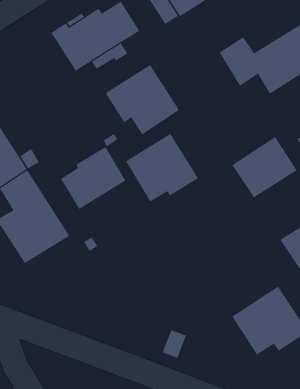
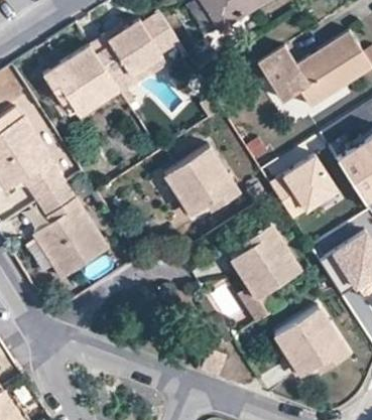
building: [105,64,180,135] -> [41,46,117,118]
building: [60,146,126,210] -> none
building: none -> [230,220,300,319]

